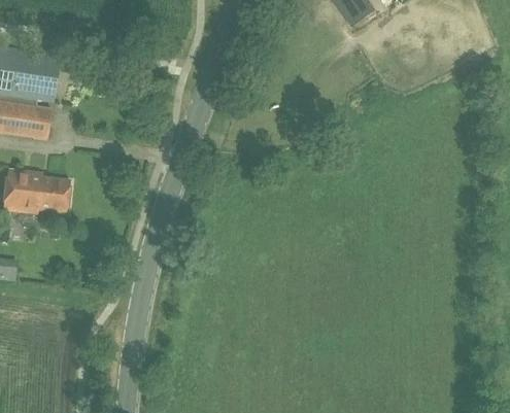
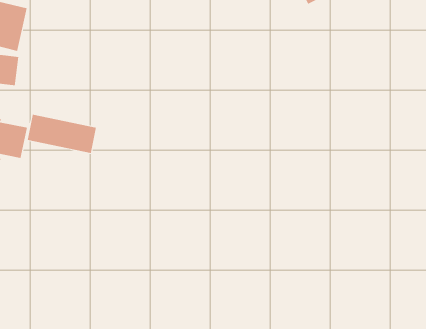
building: none -> [27,114,97,154]

